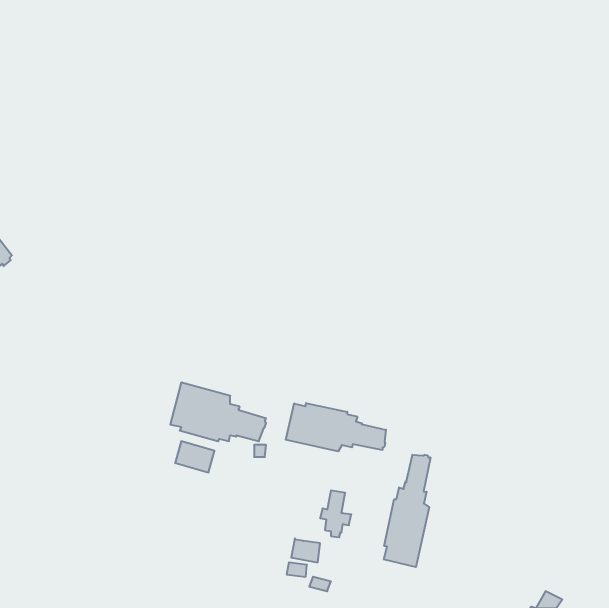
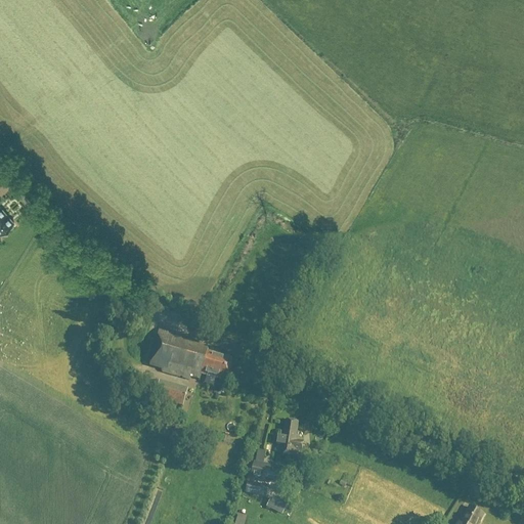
building: [286,403,386,451] -> none
building: [384,455,430,567] -> none

